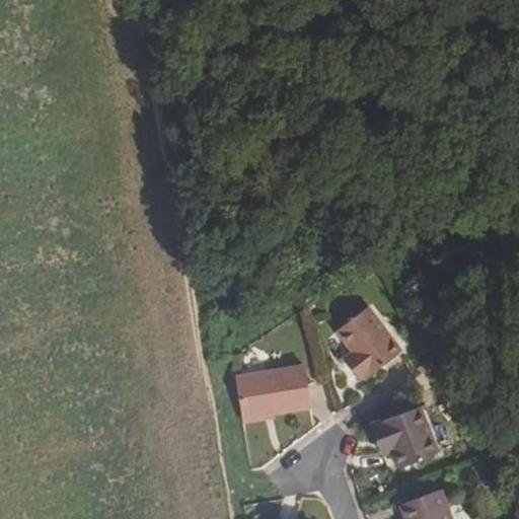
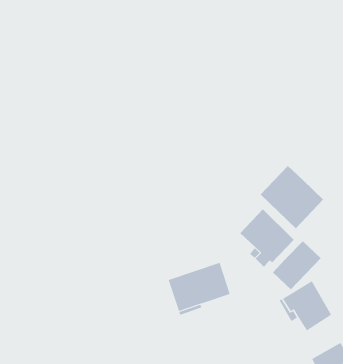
building: none -> [260,165,324,229]
building: none -> [272,241,321,290]

